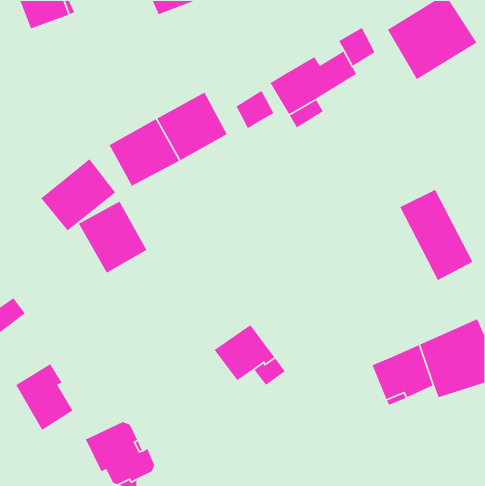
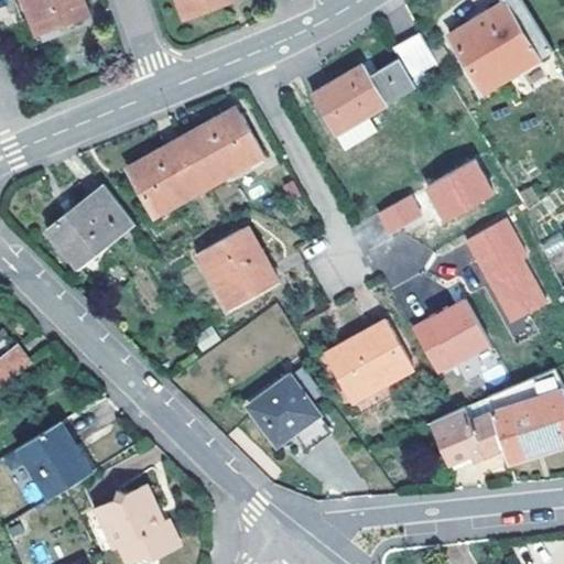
building: [236,90,274,129] -> none
building: none -> [422,161,492,224]
building: none -> [375,194,422,235]
building: [78,201,147,274] -> [197,226,278,311]
building: none -> [410,301,488,375]
building: none -> [324,319,412,402]

